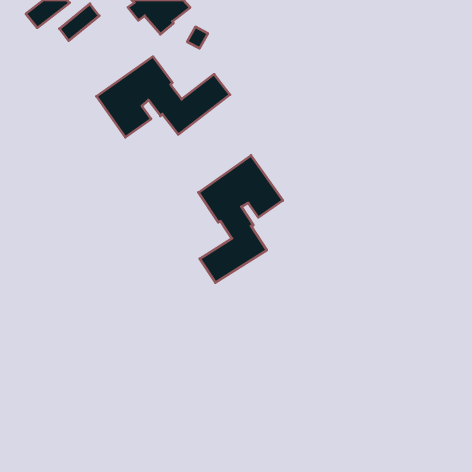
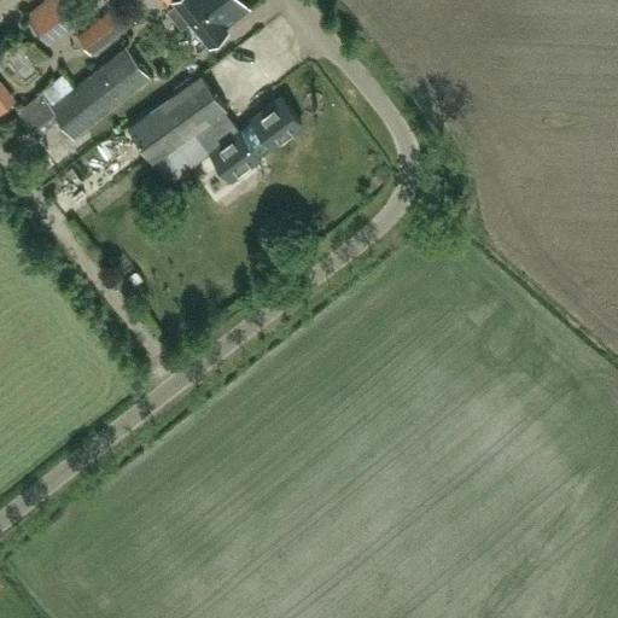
building: none -> [17,48,148,139]
building: [198,155,283,283] -> none

